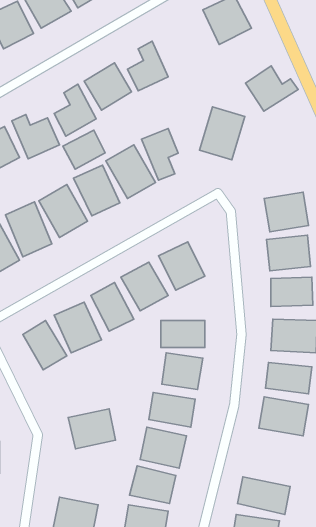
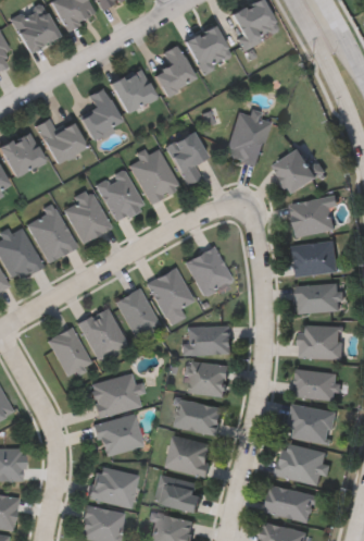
building: none -> [185,25,231,74]
building: [245,66,298,111] -> [274,148,327,194]
building: [63,130,105,169] -> none
building: none -> [88,373,141,419]
building: none -> [276,442,327,484]
building: none -> [87,467,136,507]

